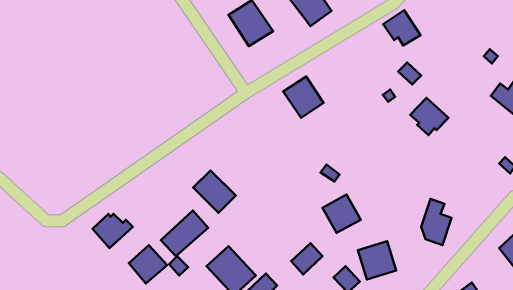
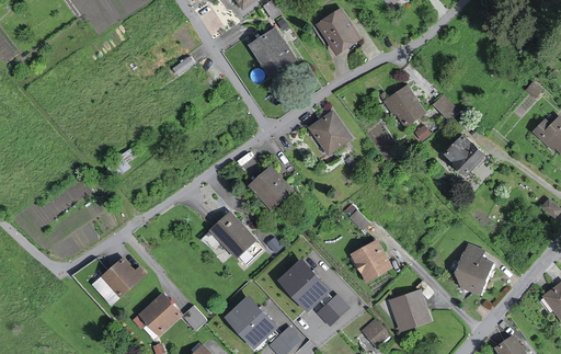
building: [383,10,420,45] -> [383,85,424,124]
building: none -> [250,165,294,210]
building: [161,211,208,256] -> none
building: none -> [278,256,332,310]

